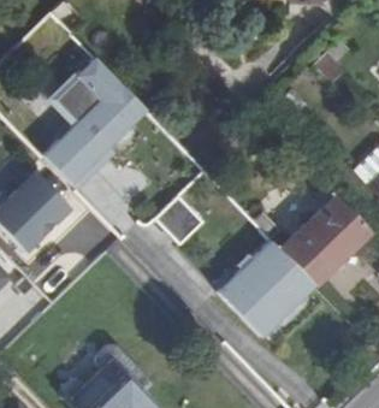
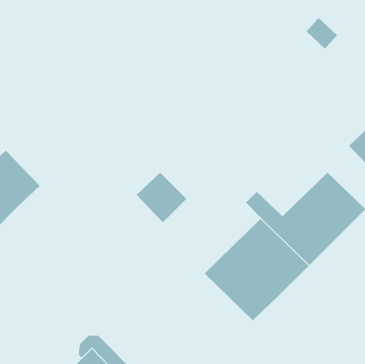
building: [47,58,144,190] -> none

